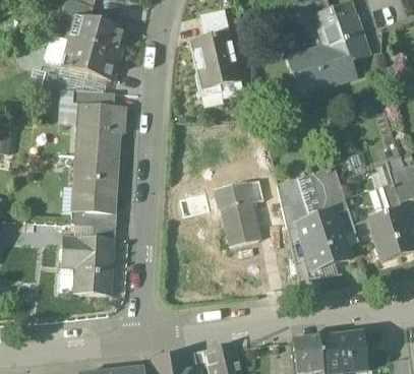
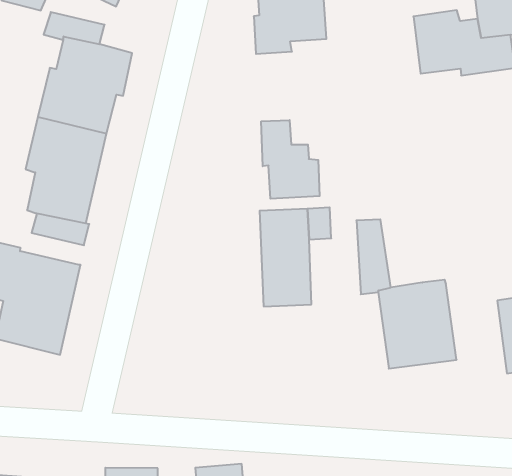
building: none -> [261,120,320,199]
building: [309,165,348,213] -> none

